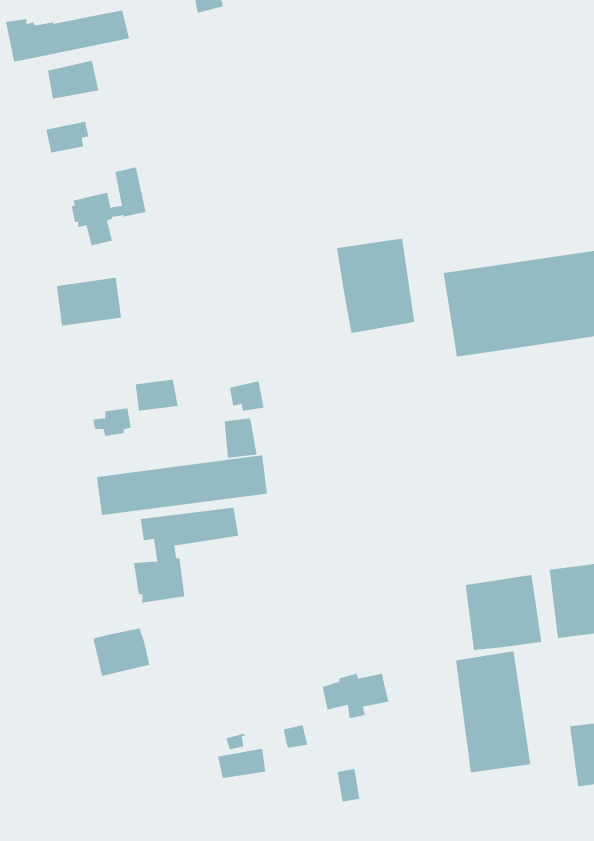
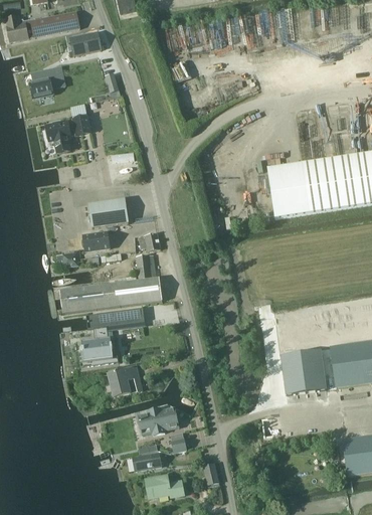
building: [47,60,99,99] -> [69,31,101,54]
building: [337,238,415,334] -> none
building: [56,277,122,326] -> [88,198,128,227]
building: [93,628,150,677] -> [108,367,142,396]
building: [456,651,531,773] -> none
building: [322,673,389,719] -> [138,407,178,435]
building: none -> [144,475,183,498]

